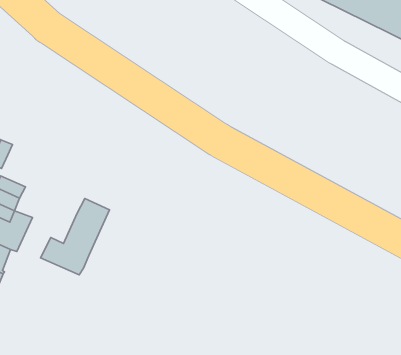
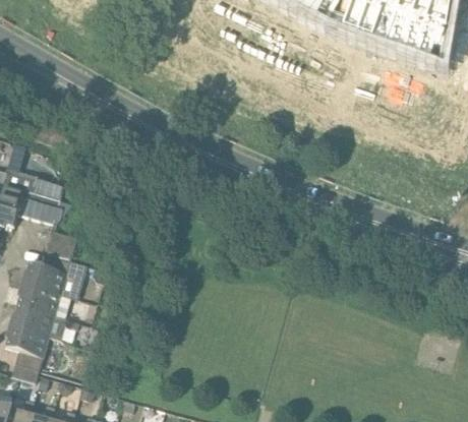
building: [40,199,109,275] -> none

